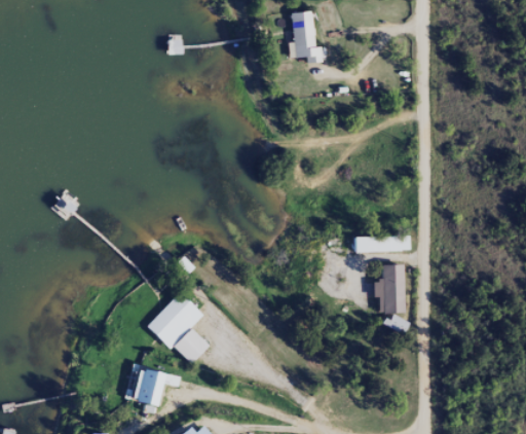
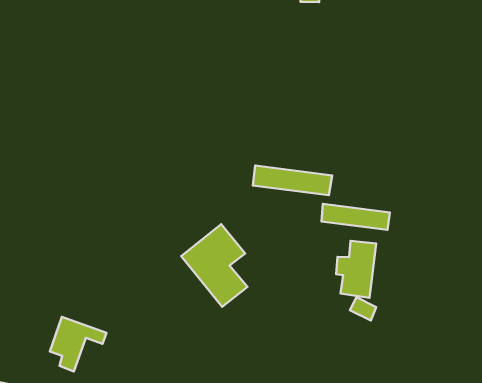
building: none -> [253,166,332,195]
building: [149,293,211,365] -> [181,224,247,307]

